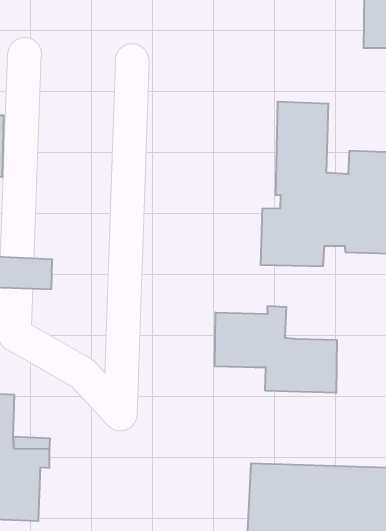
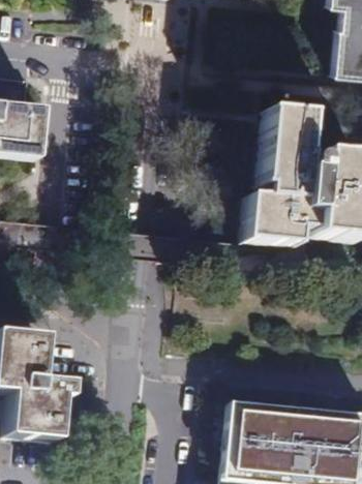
building: [215,306,337,393] -> none

